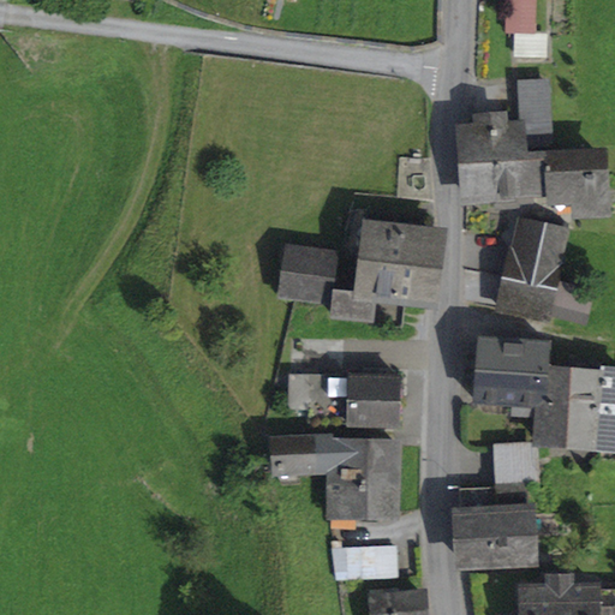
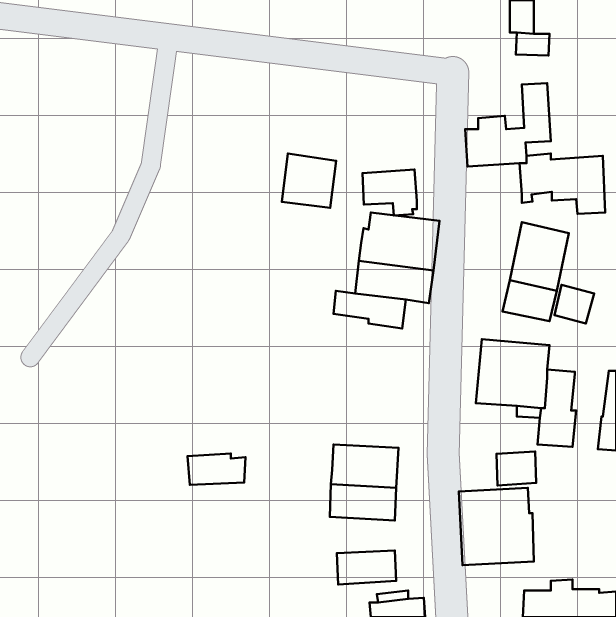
building: [465,162,519,208] -> [363,169,417,215]
building: [282,247,336,301] -> [282,154,336,208]
building: [568,366,605,447] -> none
building: [288,369,398,425] -> none
building: [274,438,332,470] -> [188,454,245,485]

